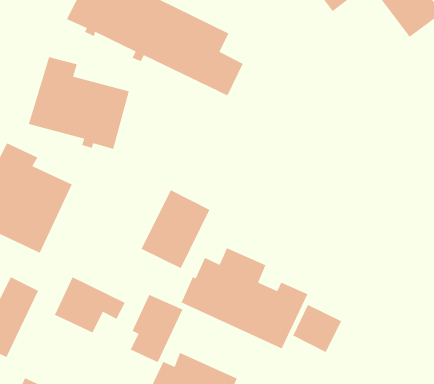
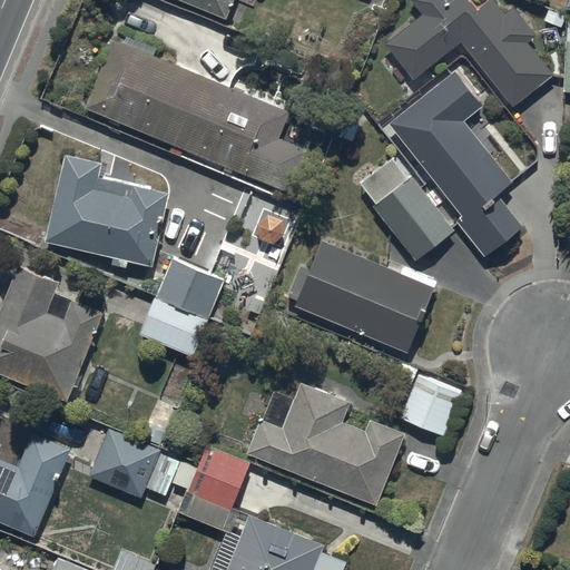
building: none -> [387,69,523,259]
building: none -> [360,157,453,261]
building: none -> [294,240,438,353]
building: [140,189,211,269] -> [138,258,223,357]
building: [292,304,342,353] -> [400,376,461,436]

